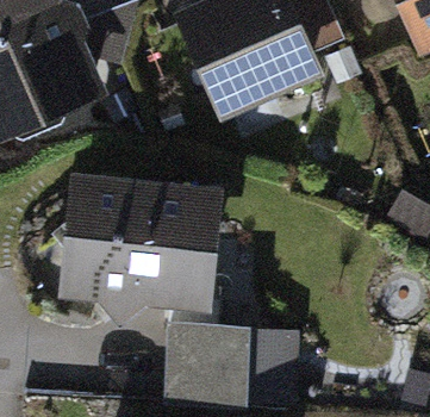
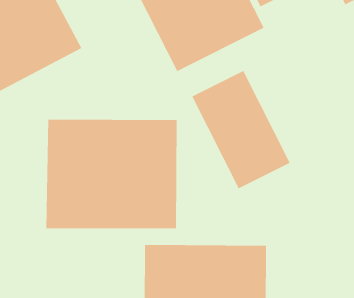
building: none -> [192,70,290,189]

